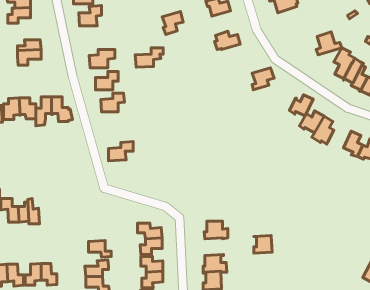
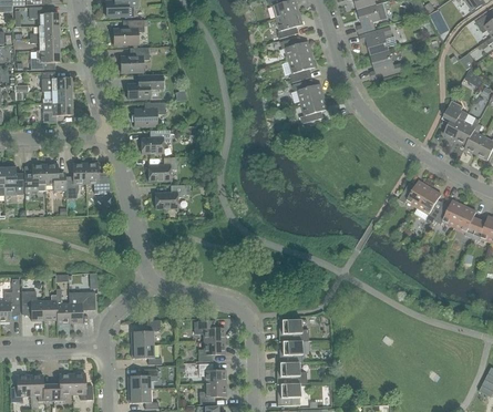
building: [162,12,183,34] -> [288,53,315,82]
building: none -> [41,71,71,91]
building: [316,32,342,55] -> [370,50,402,79]
building: [135,48,163,67] -> [126,74,162,99]
building: [252,68,274,90] -> [300,95,328,123]
building: [290,95,313,116] -> [434,199,464,226]
building: [109,142,133,161] -> [155,184,186,208]
building: none -> [69,292,95,322]
building: none -> [131,319,161,344]
building: [254,236,272,253] -> [279,340,302,362]

